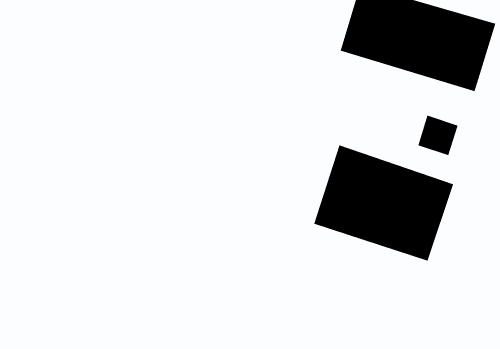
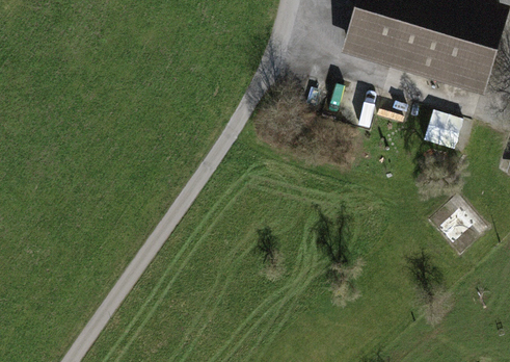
building: [313,145,454,262] -> none

